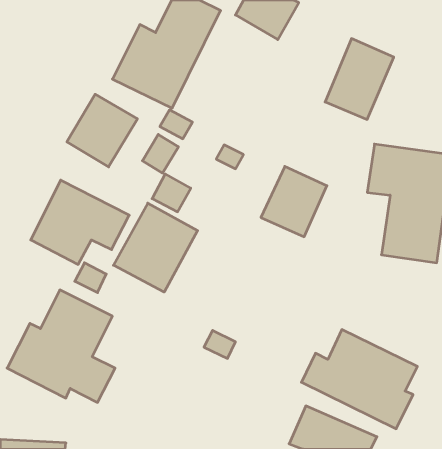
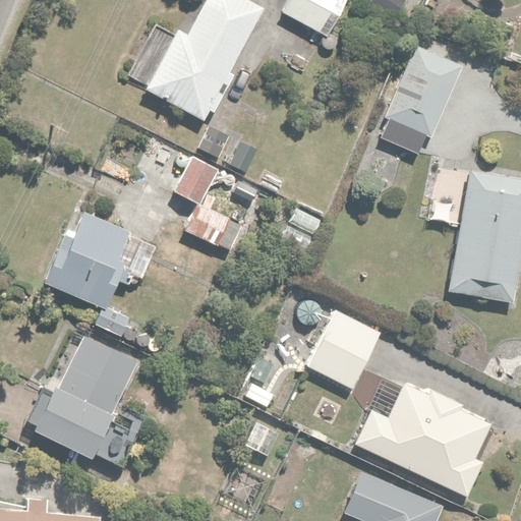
building: [67,94,137,167] -> none
building: [261,166,327,237] -> [306,309,383,391]
building: [113,203,198,292] -> none

